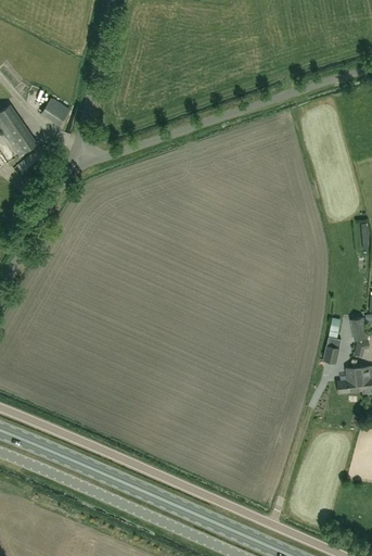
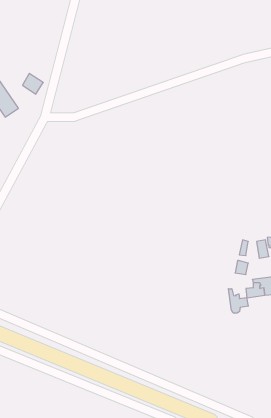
building: none -> [228,289,248,313]

